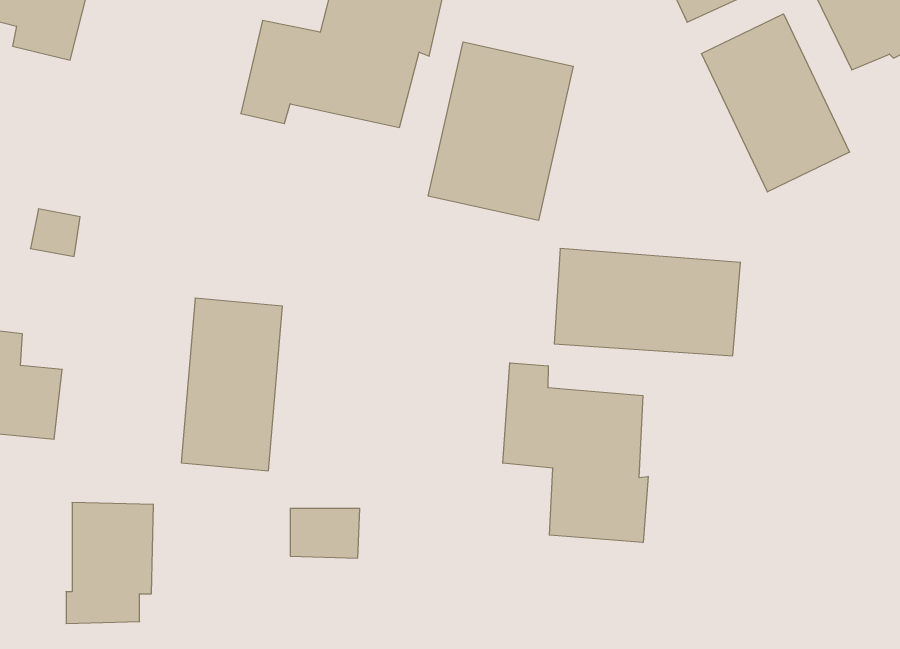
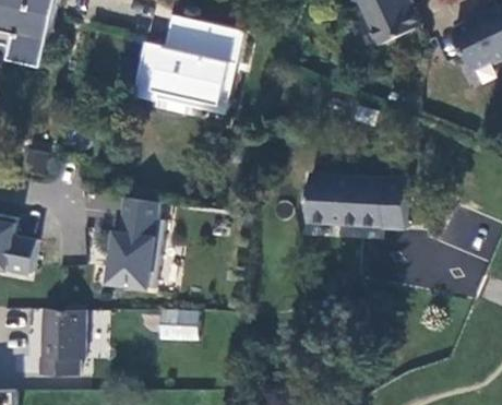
building: [701,14,849,192] -> none
building: [428,42,573,220] -> none
building: [503,363,648,543] -> none

